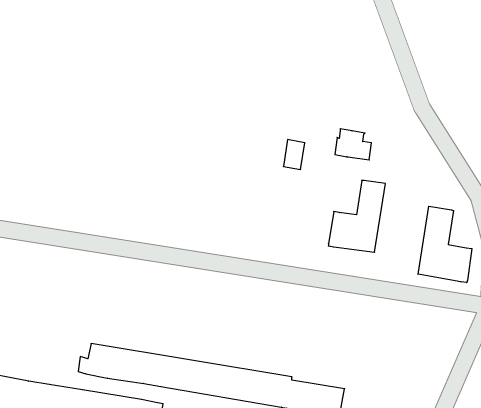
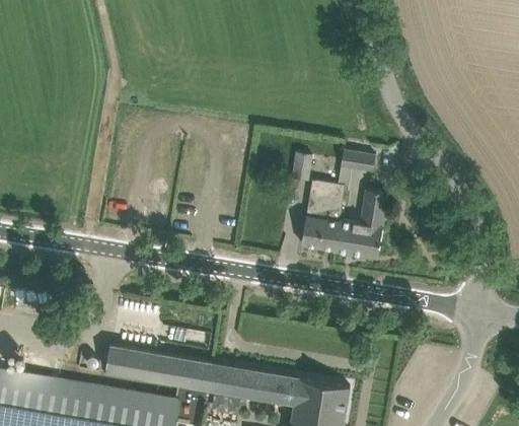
building: none -> [300,182,344,252]
building: [418,206,472,283] -> none

